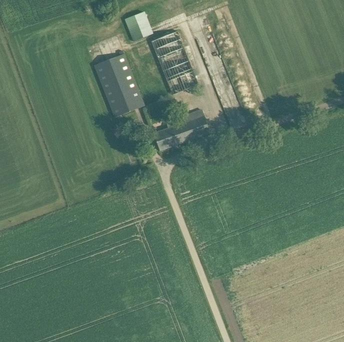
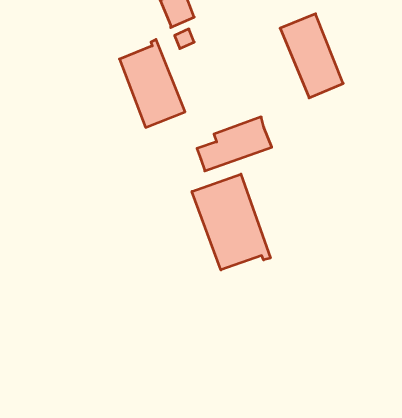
building: [150,31,198,95] -> [280,14,343,98]
building: none -> [192,174,270,270]

